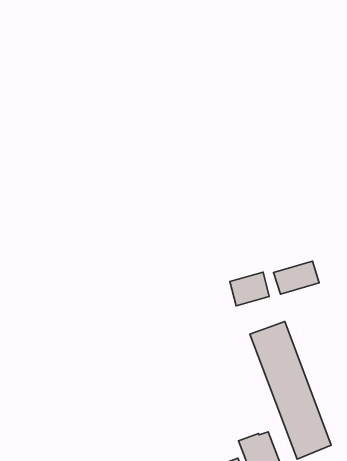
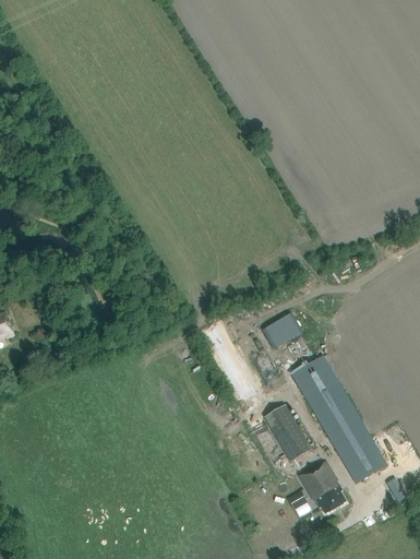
building: [273,261,319,294] -> none
building: none -> [265,404,311,460]

